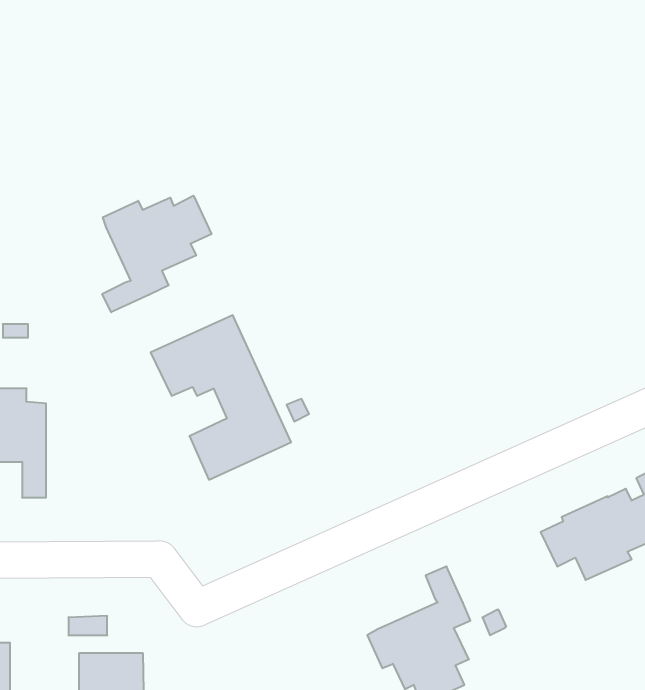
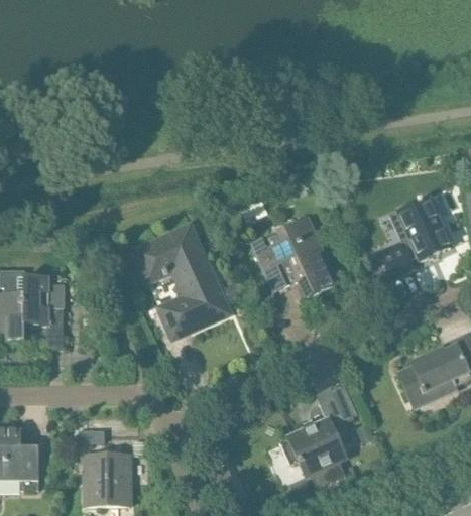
building: [102,196,211,312] -> none
building: none -> [377,197,449,277]
building: none -> [250,216,336,296]

